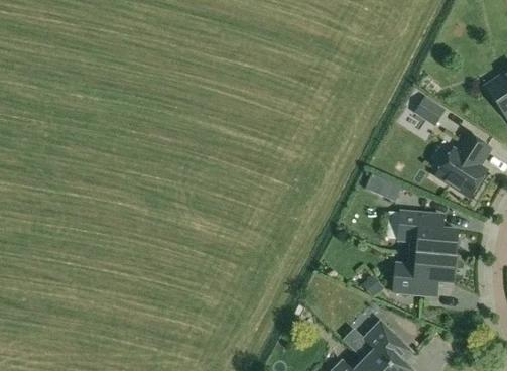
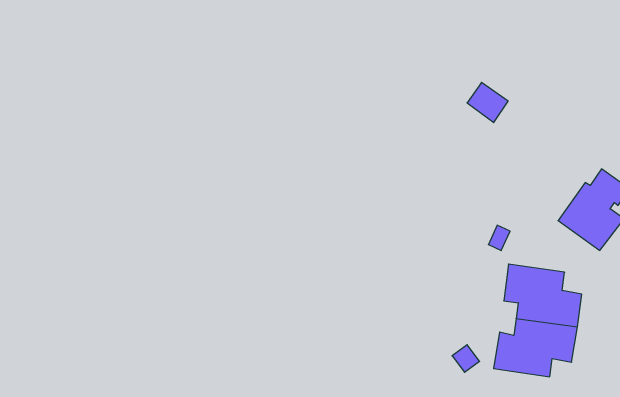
building: [414,97,446,127] -> [467,82,508,123]

